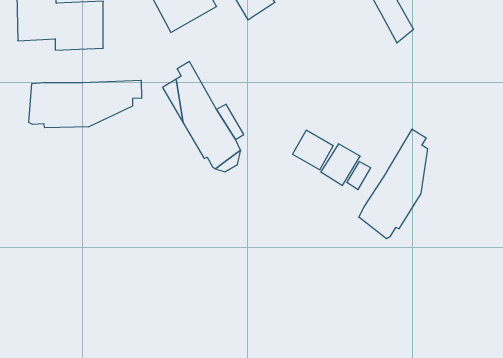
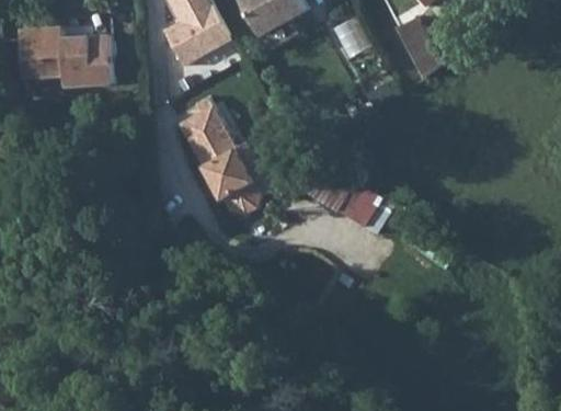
building: [29,80,142,128] -> none
building: [359,129,428,239] -> none

